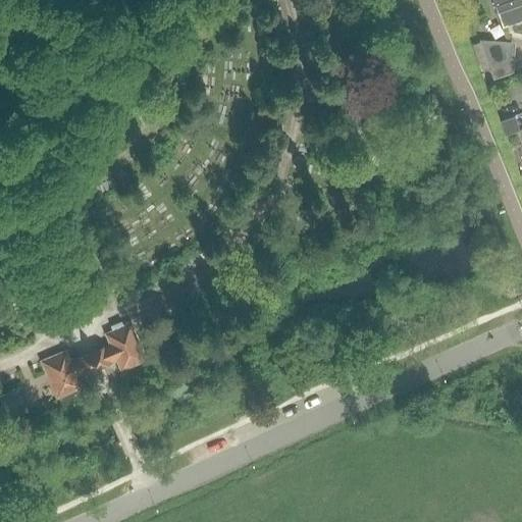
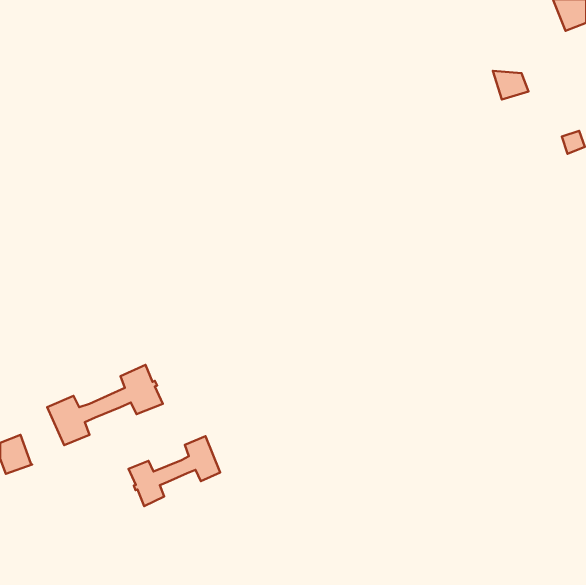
building: [481,41,513,66] -> [493,71,528,100]
building: none -> [129,436,220,506]

